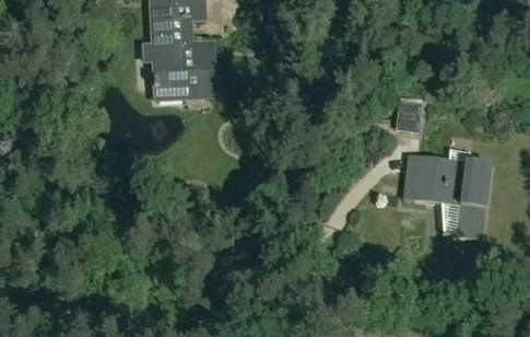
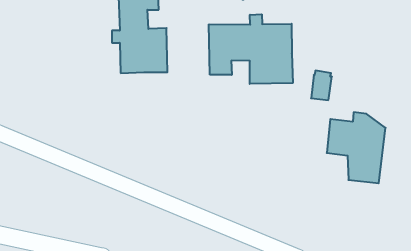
building: none -> [209,14,293,84]

